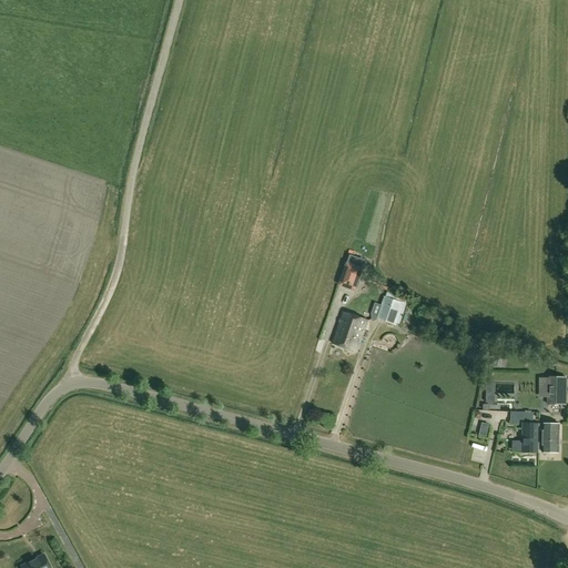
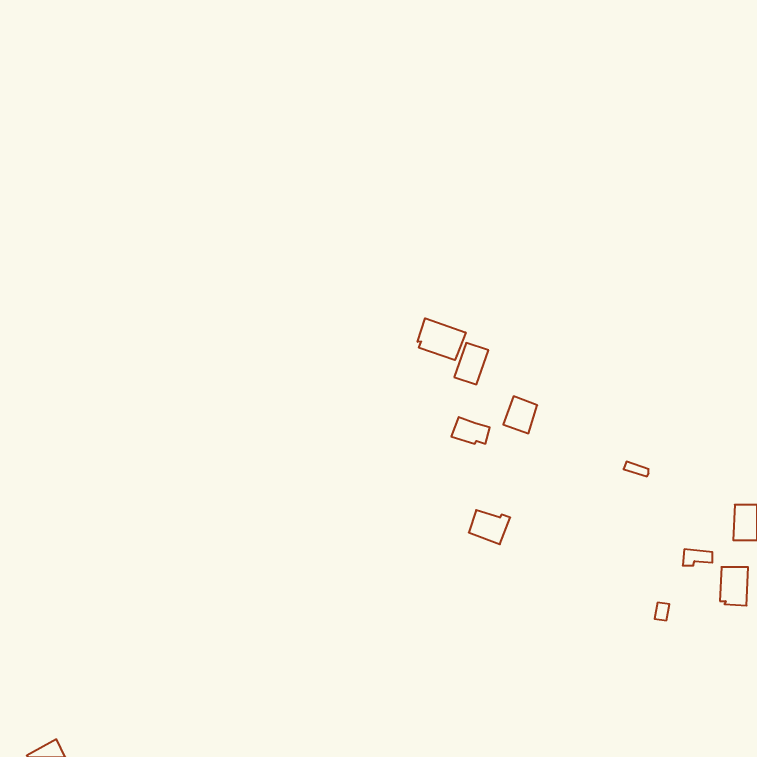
building: none -> [418,318,466,360]
building: [332,326,363,352] -> [469,510,510,544]
building: [521,423,539,453] -> none

